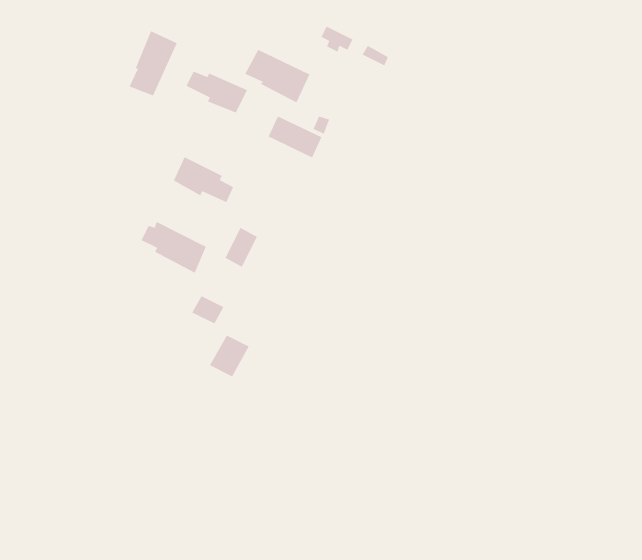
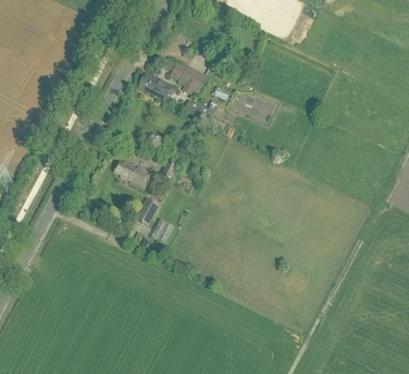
building: [129,30,178,97] -> none
building: [173,156,234,203] -> none

